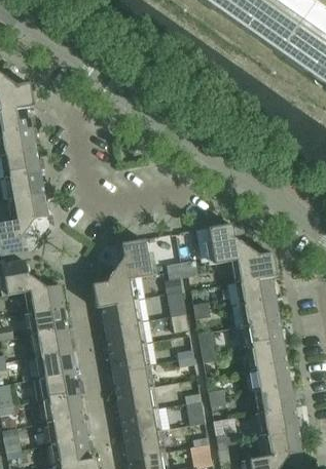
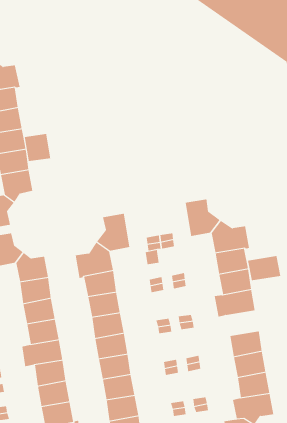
building: none -> [24,133,51,162]
building: [251,342,287,368] -> [247,256,281,281]

